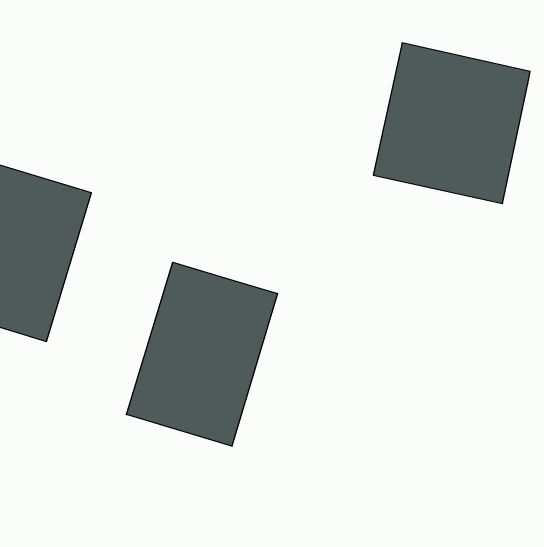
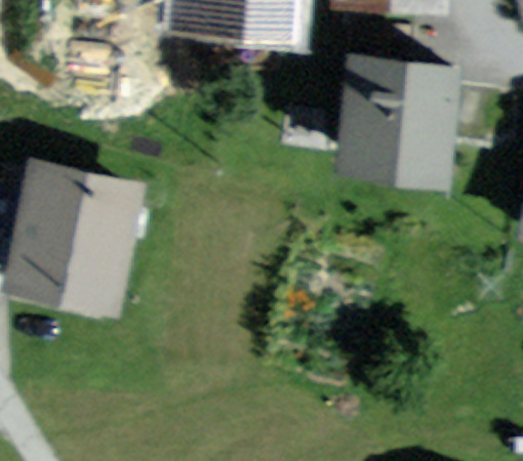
building: [126,262,277,446] -> none

